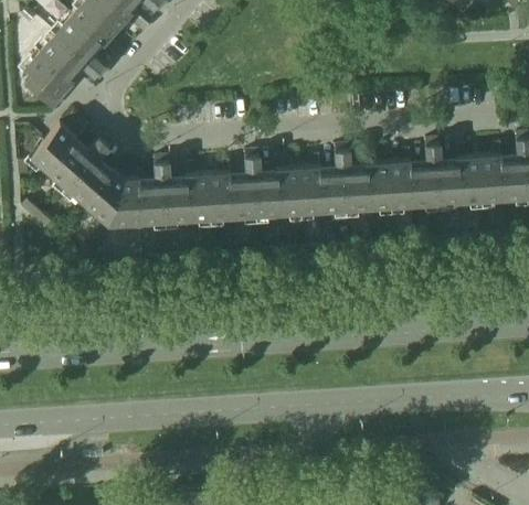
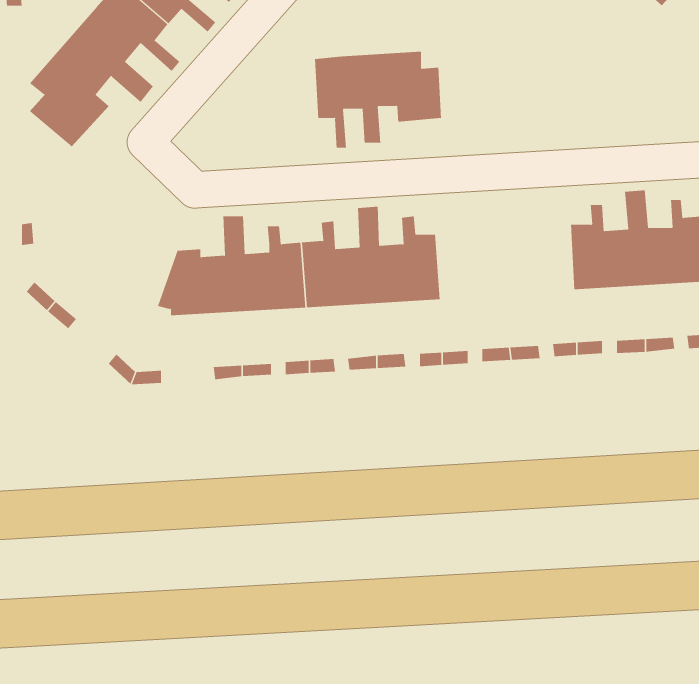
building: none -> [314,51,441,149]
building: [30,127,123,221] -> none
building: [297,148,390,216] -> none

